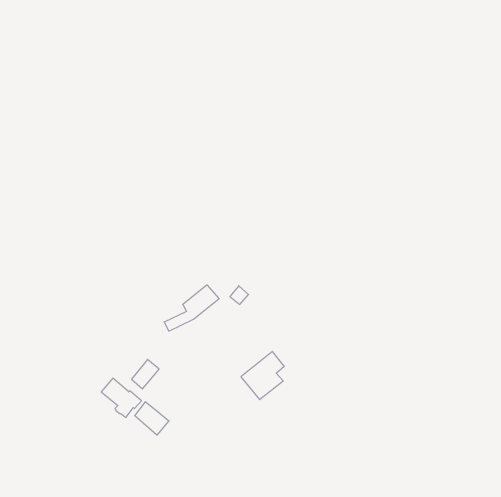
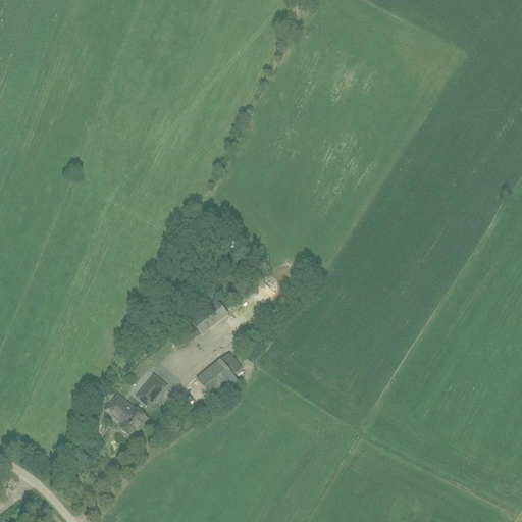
building: [241,351,284,400] -> [196,350,241,400]
building: [135,402,169,435] -> none

